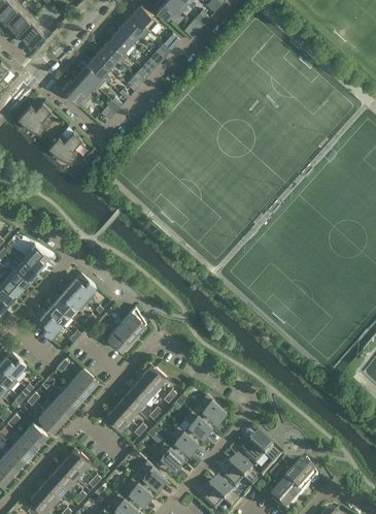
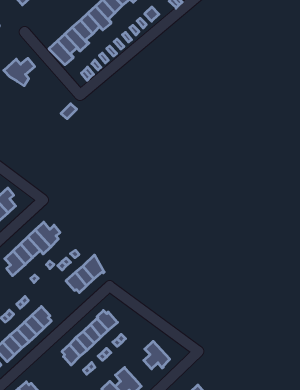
building: [48,132,82,162] -> none
building: [178,410,212,440] -> none

